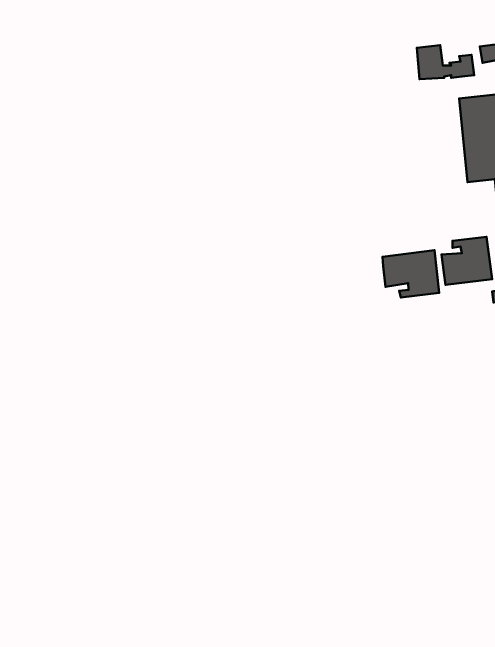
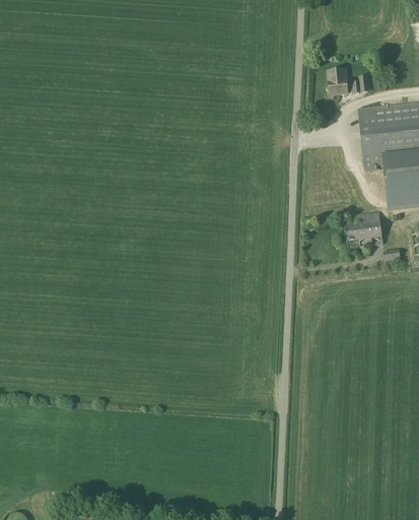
building: [382,250,439,297] -> none

